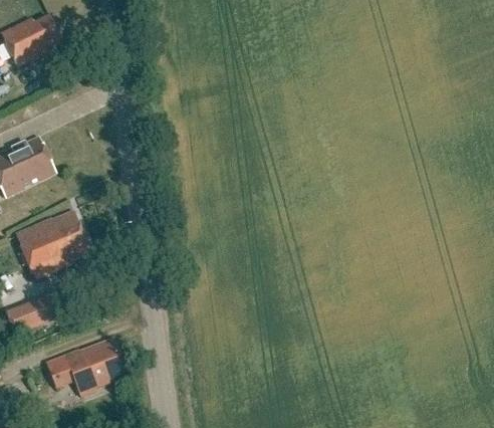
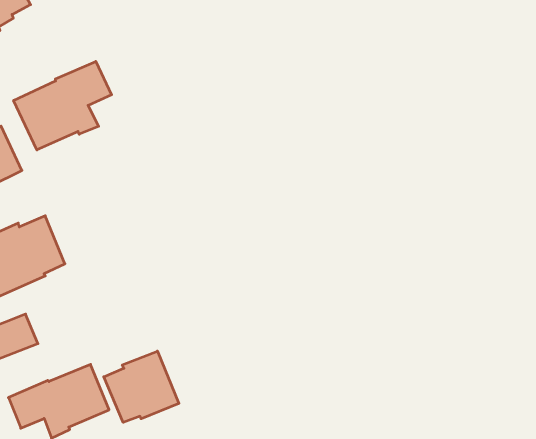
building: none -> [14,61,112,150]
building: none -> [104,351,179,422]

